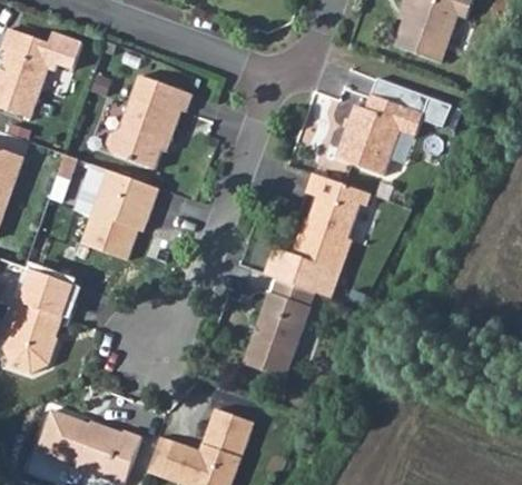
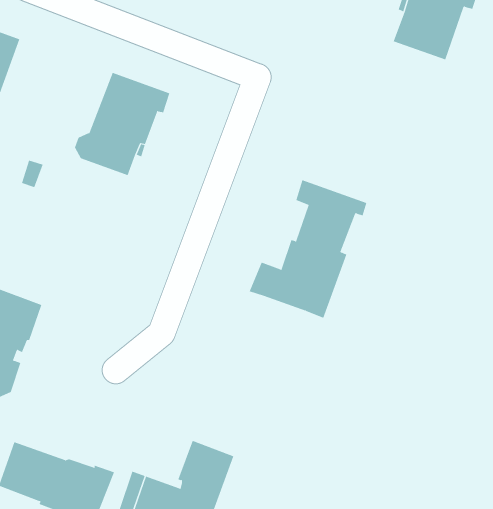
building: [336,77,452,176] -> none
building: [81,169,159,259] -> none
building: [244,277,315,377] -> none

